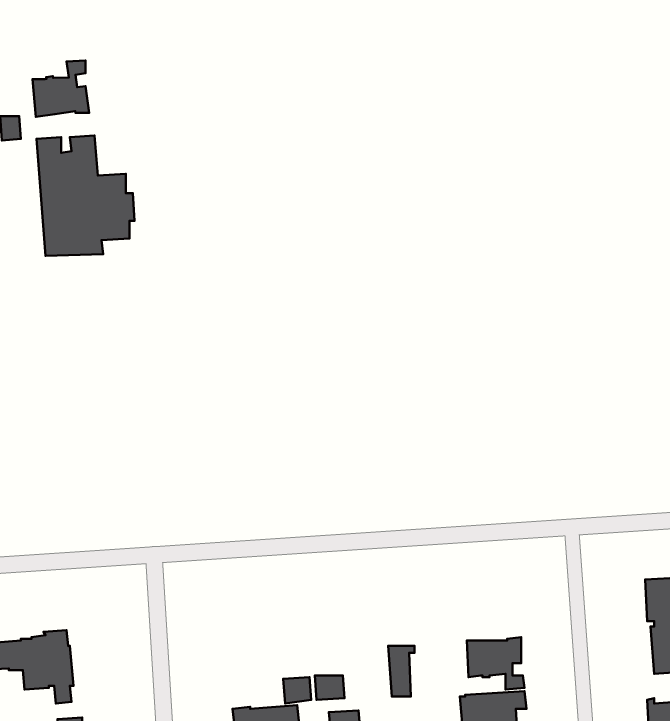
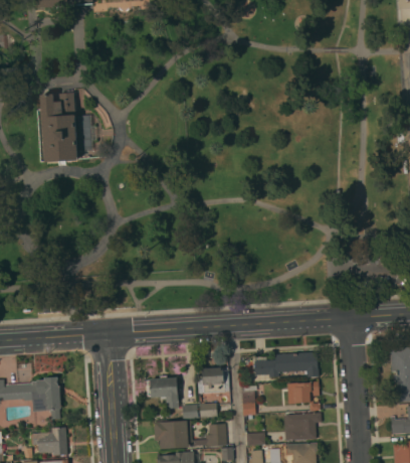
building: [33,61,89,117] -> none
building: none -> [254,351,319,377]
building: none -> [199,366,230,394]
building: none -> [146,375,179,409]

